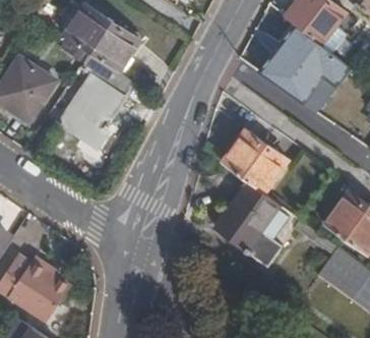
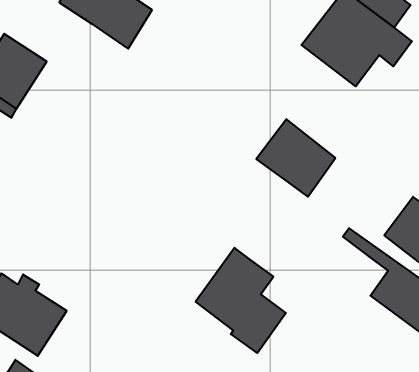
building: [60,51,130,146] -> none
building: [215,179,289,265] -> [196,248,286,353]

